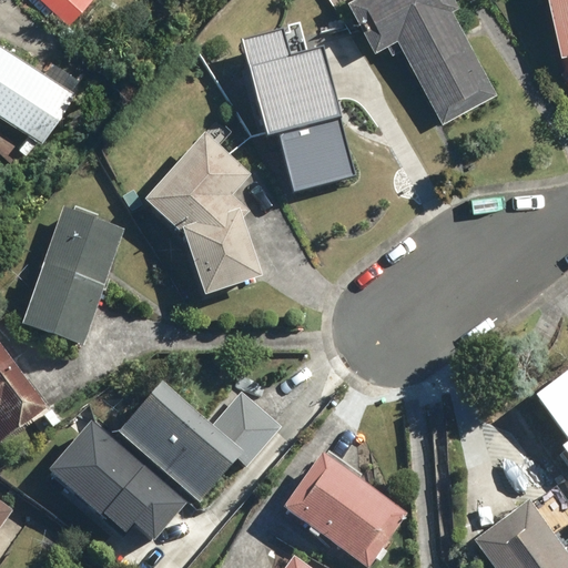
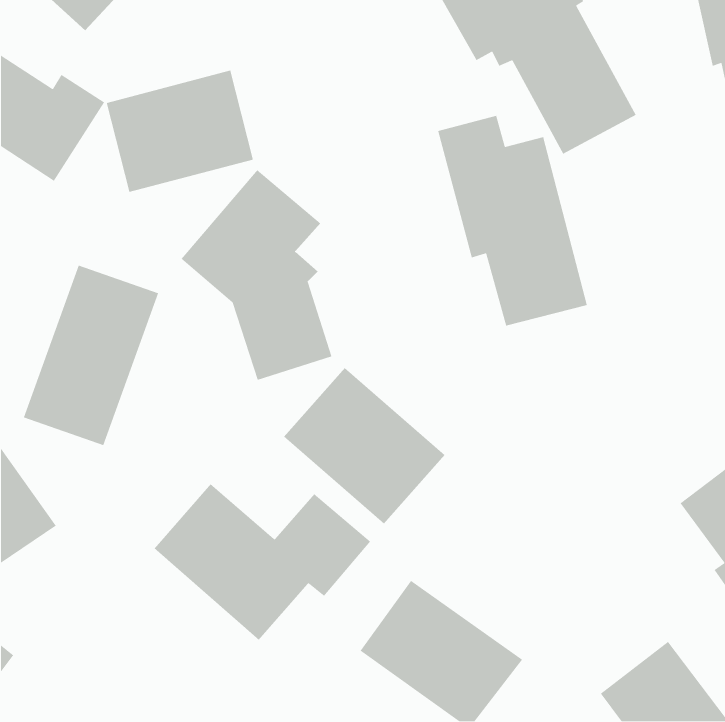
building: [237,29,355,194] -> [437,115,588,327]
building: none -> [106,70,254,193]
building: none -> [283,367,446,525]
building: [54,419,186,535] -> none

